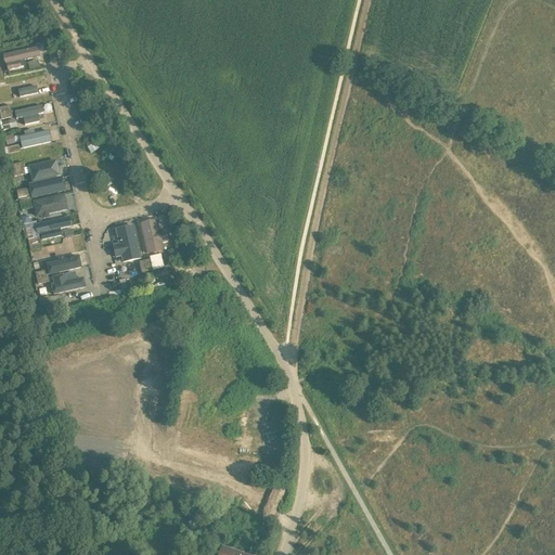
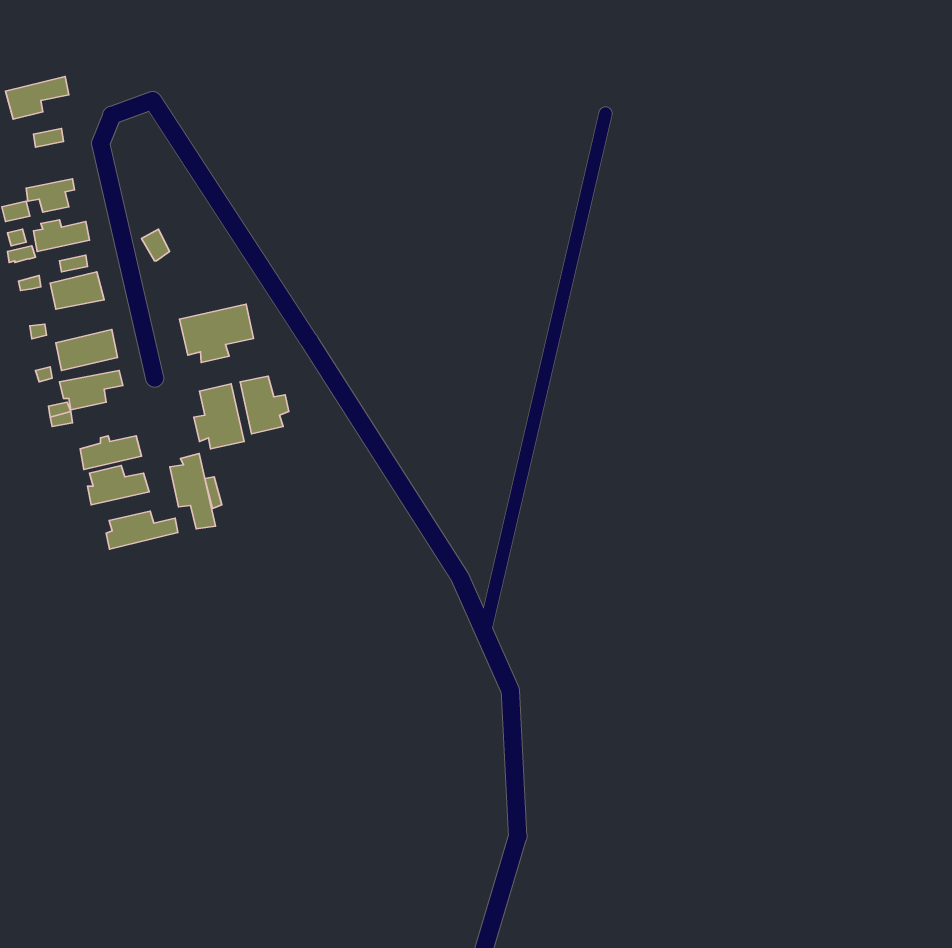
building: [29,175,66,197] -> none
building: none -> [180,304,254,362]
building: none -> [170,454,216,529]
building: none -> [106,511,178,549]

